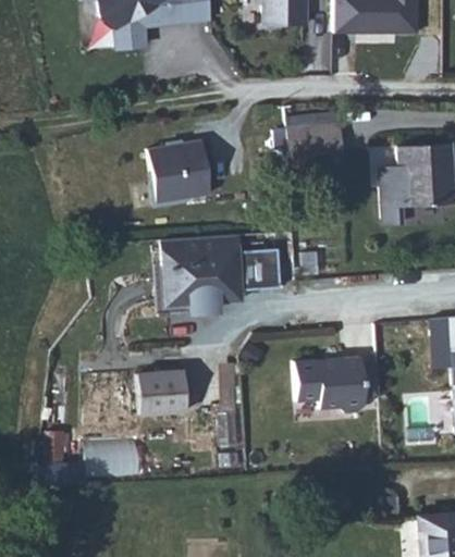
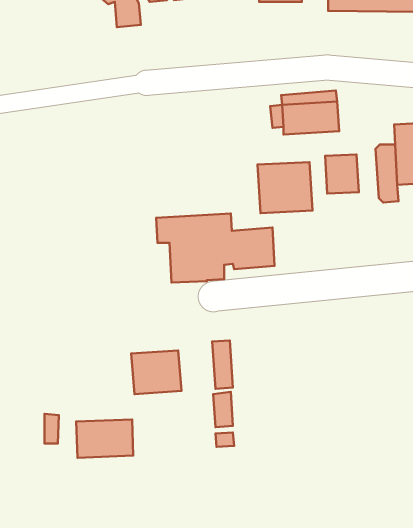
building: [147,139,210,202] -> none
building: none -> [325,154,359,194]
building: none -> [257,162,312,213]
building: [293,357,379,411] -> none

